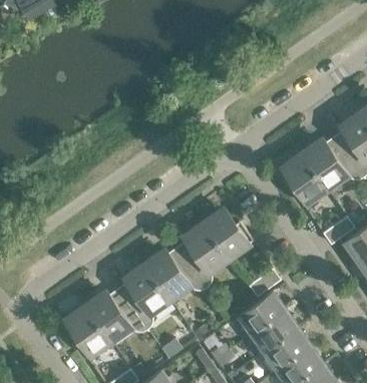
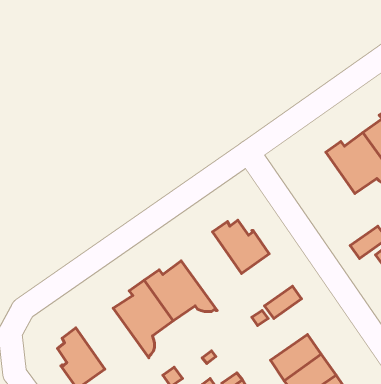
building: [284,152,326,206] -> none
building: [175,222,228,290] -> none
building: [84,288,147,341] -> none
building: [240,292,285,333] -> none

